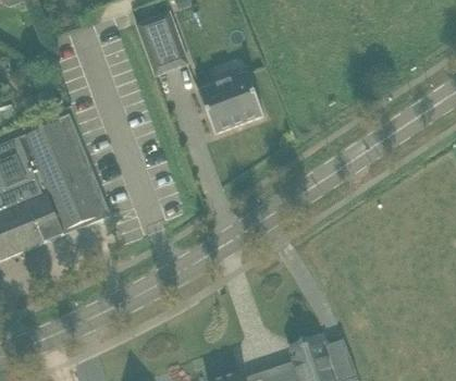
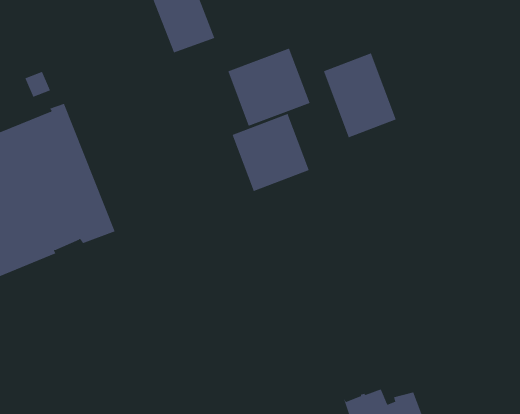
building: none -> [323,52,397,138]
building: none -> [232,113,309,192]

